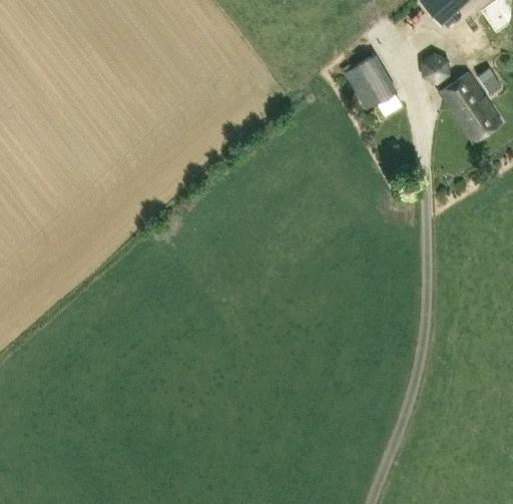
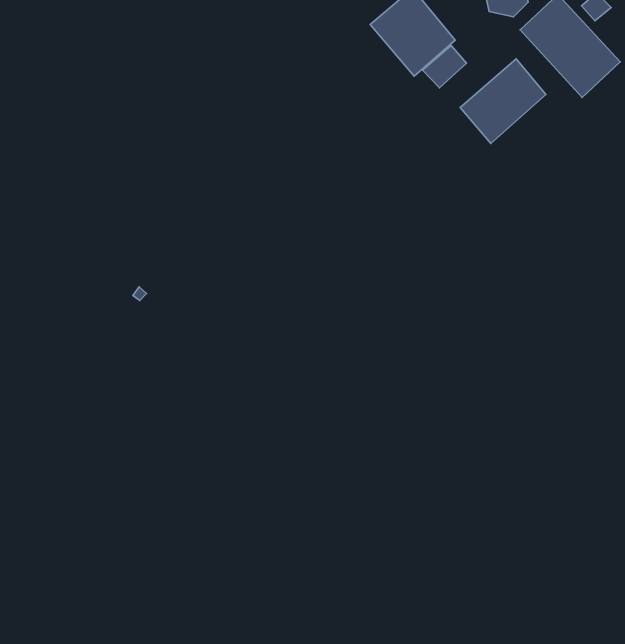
building: none -> [460,59,546,144]

